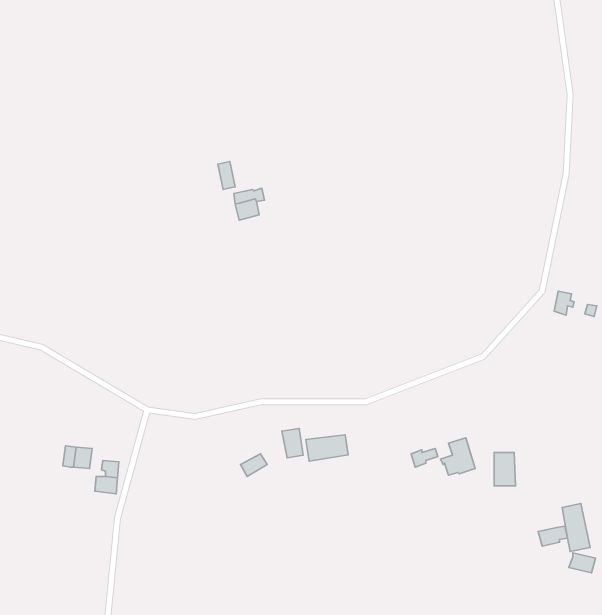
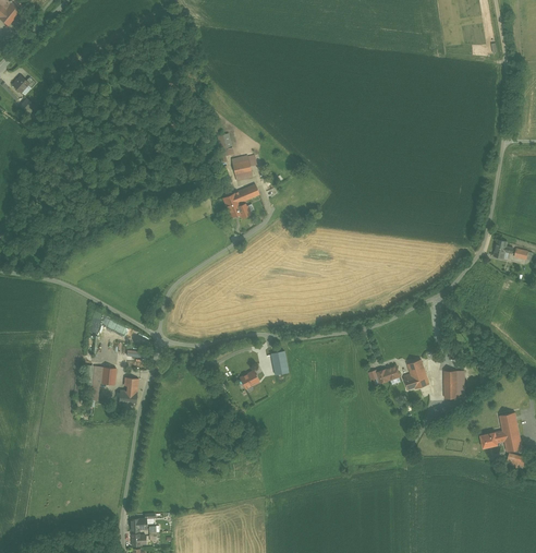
building: none -> [221,184,258,218]
building: [306,435,348,461] -> none

